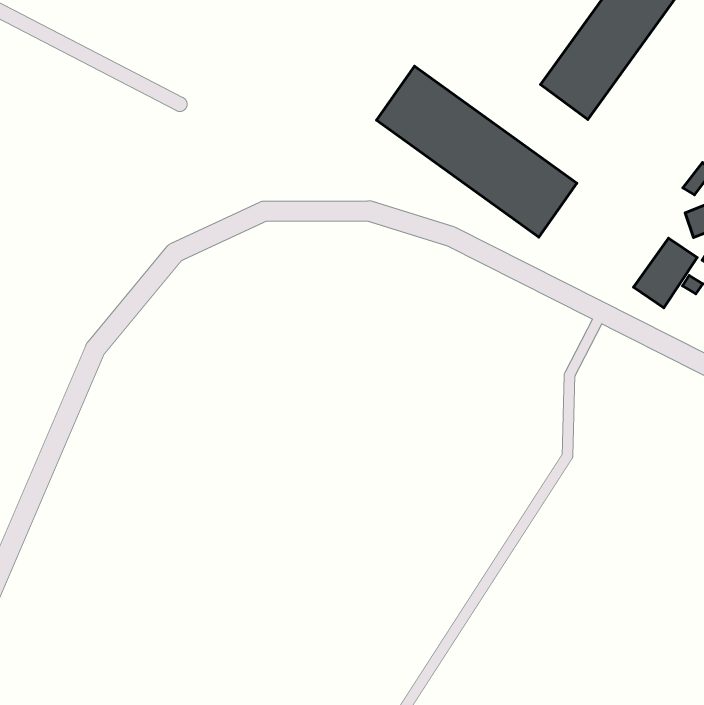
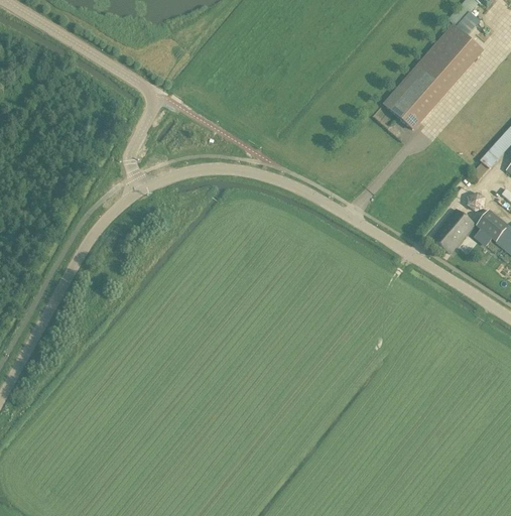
building: [377,66,577,237] -> none

